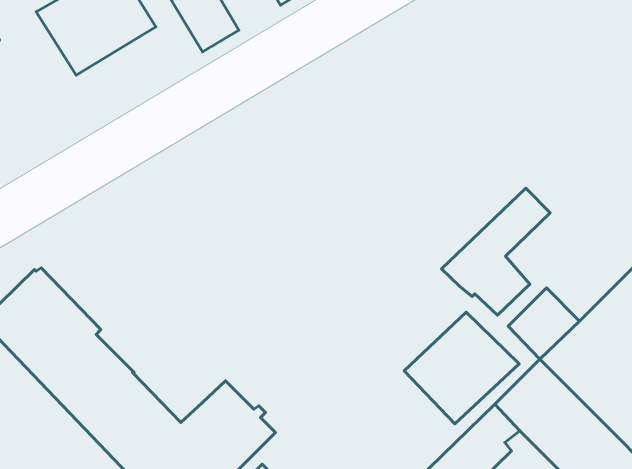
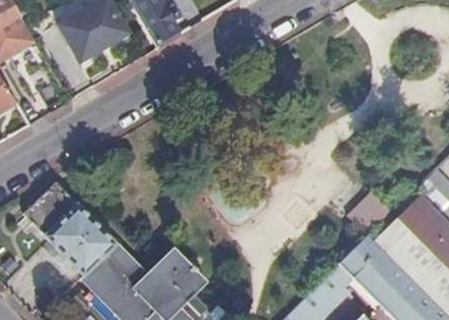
building: [441,188,550,315] -> none
building: [404,312,519,424] -> none

